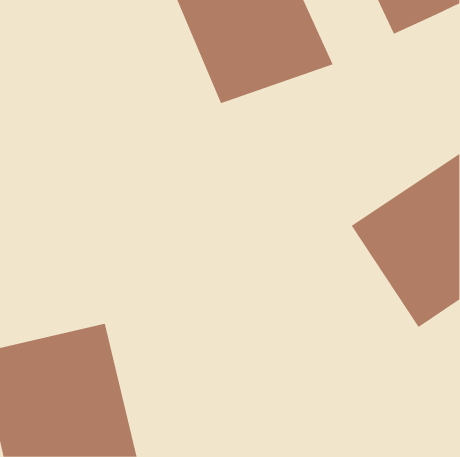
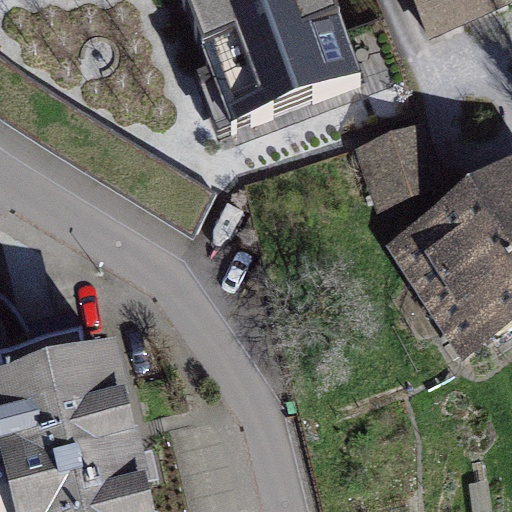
building: none -> [348,117,441,207]

